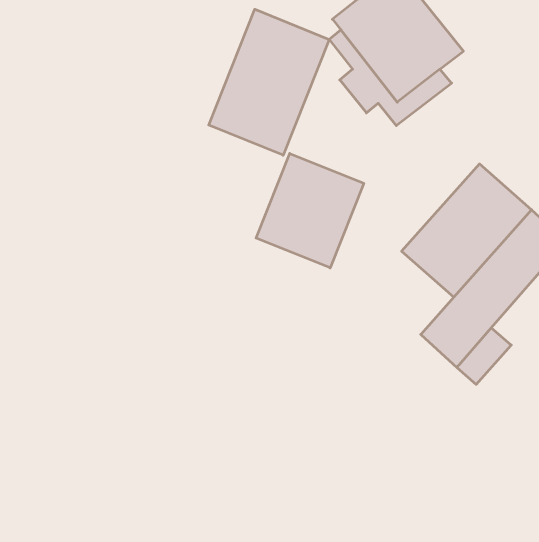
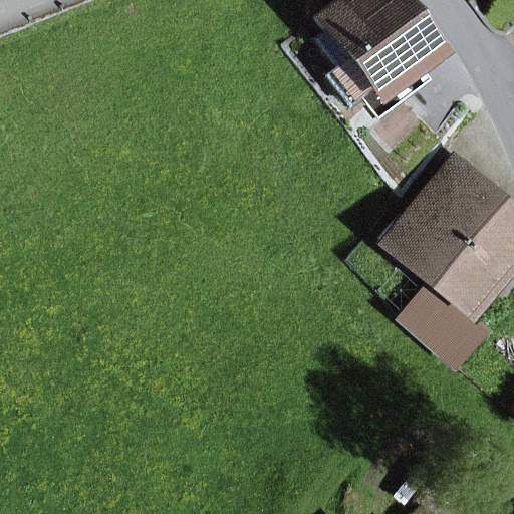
building: [209,9,329,155] -> none
building: [256,153,364,268] -> none

